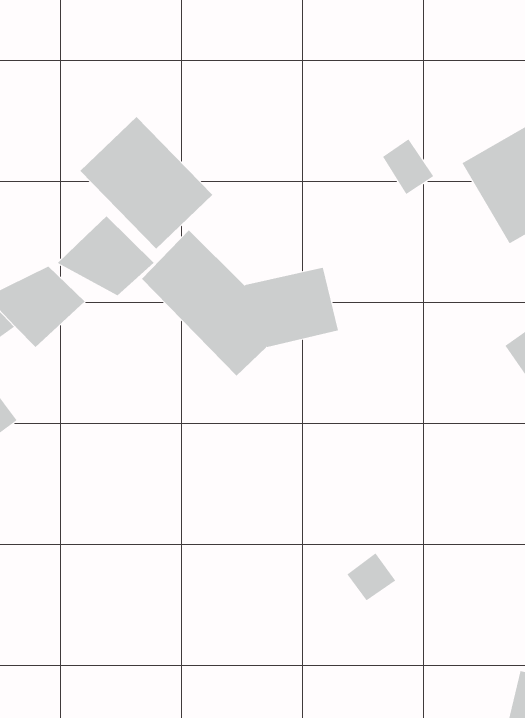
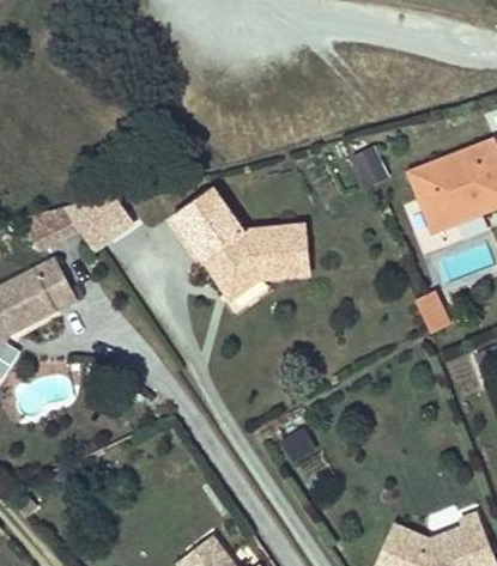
building: [80,116,213,249] -> none
building: [57,215,154,296] -> none

